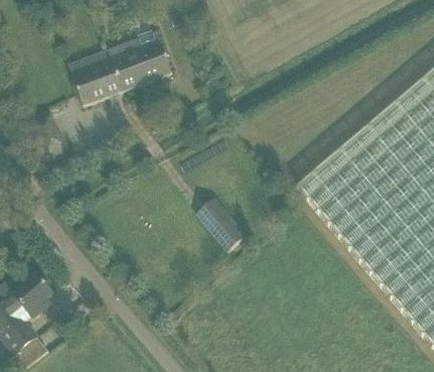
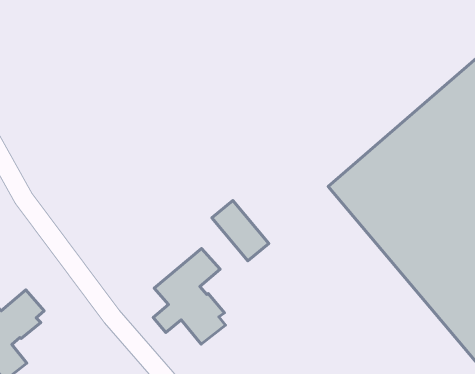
building: [68,30,172,105] -> none
building: none -> [153,248,225,344]

